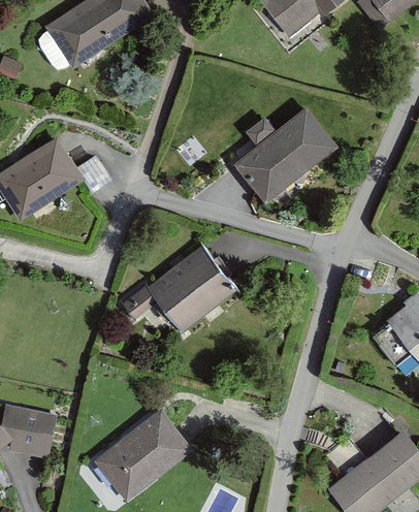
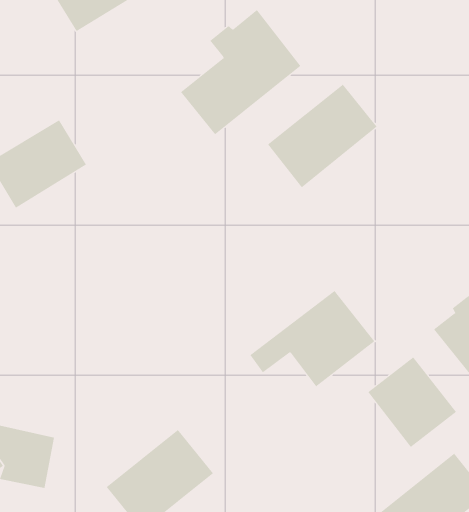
building: none -> [180,9,301,135]
building: [125,246,234,330] -> [249,290,375,387]
building: none -> [367,356,457,448]

